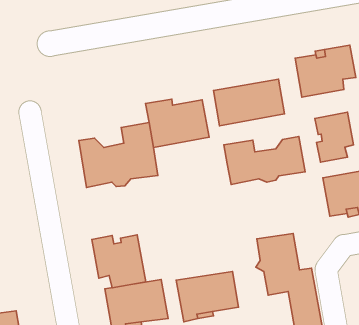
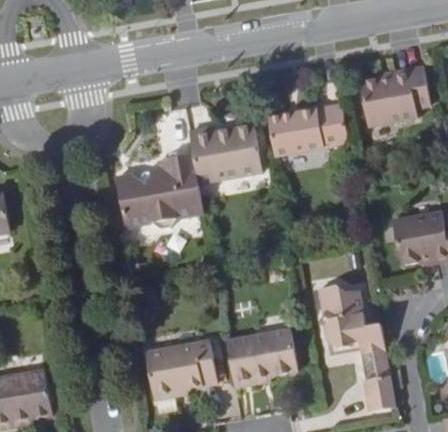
building: [315,112,353,162] -> none
building: [224,136,305,185] -> none
building: [92,235,146,288] -> none

